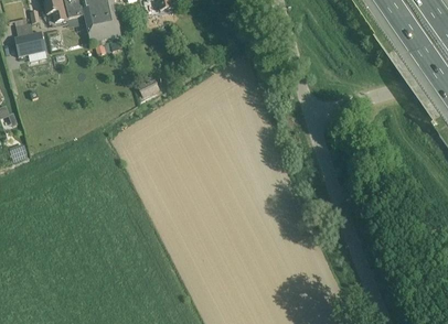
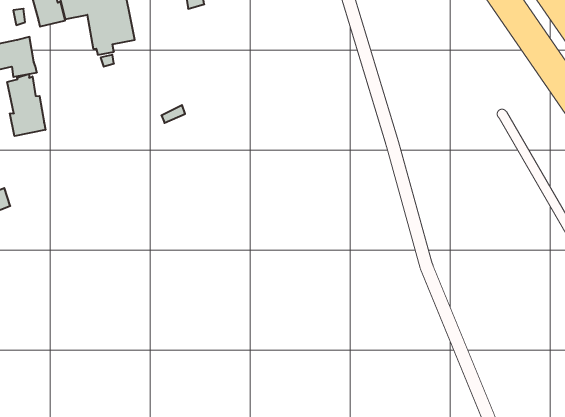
building: none -> [7,74,45,136]

